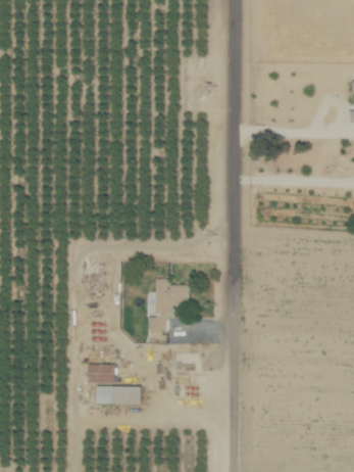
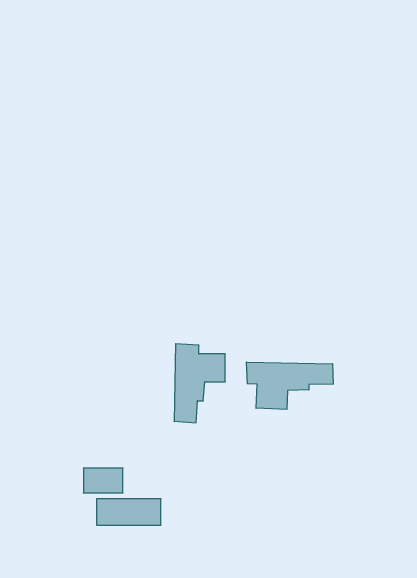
building: none -> [247,362,333,409]

